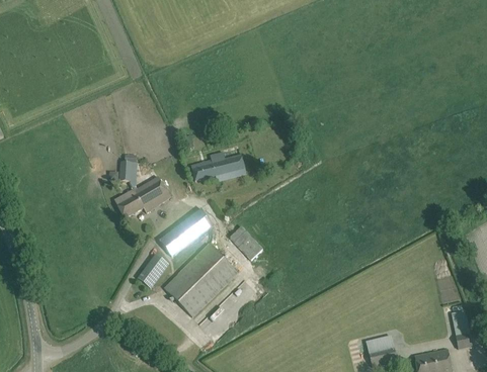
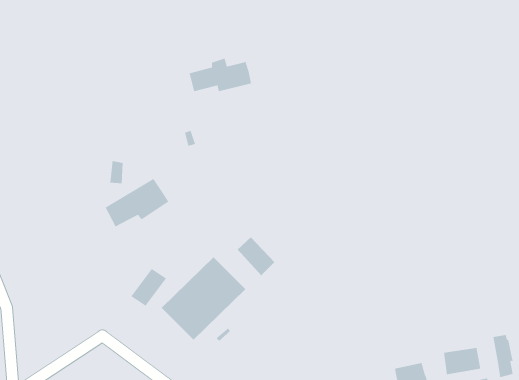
building: [191,152,246,181] -> [189,58,252,92]
building: [160,208,211,256] -> none
building: none -> [443,347,481,375]

